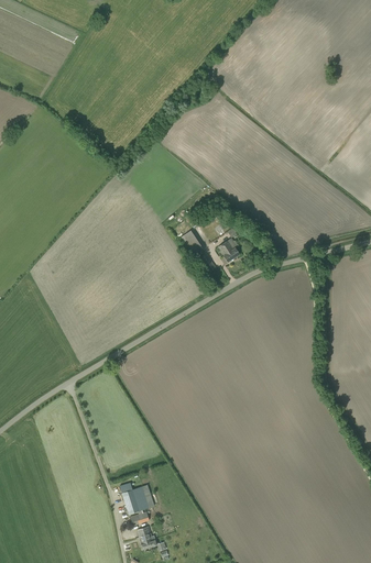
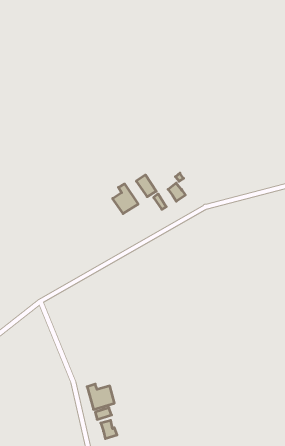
building: none -> [113,184,138,214]

